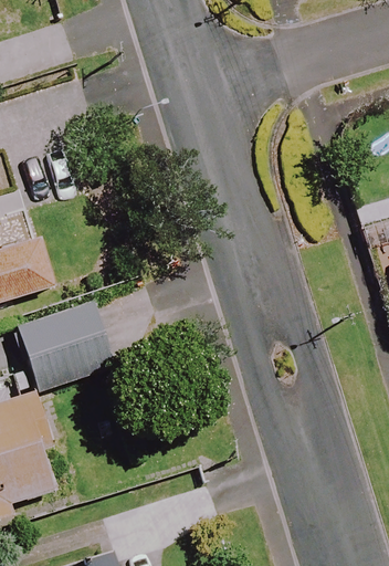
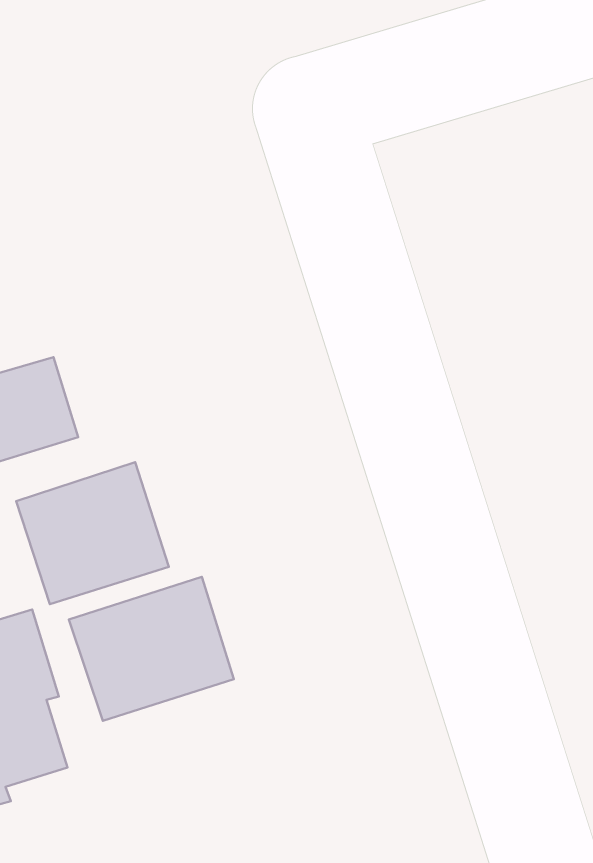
building: none -> [69,577,234,721]

